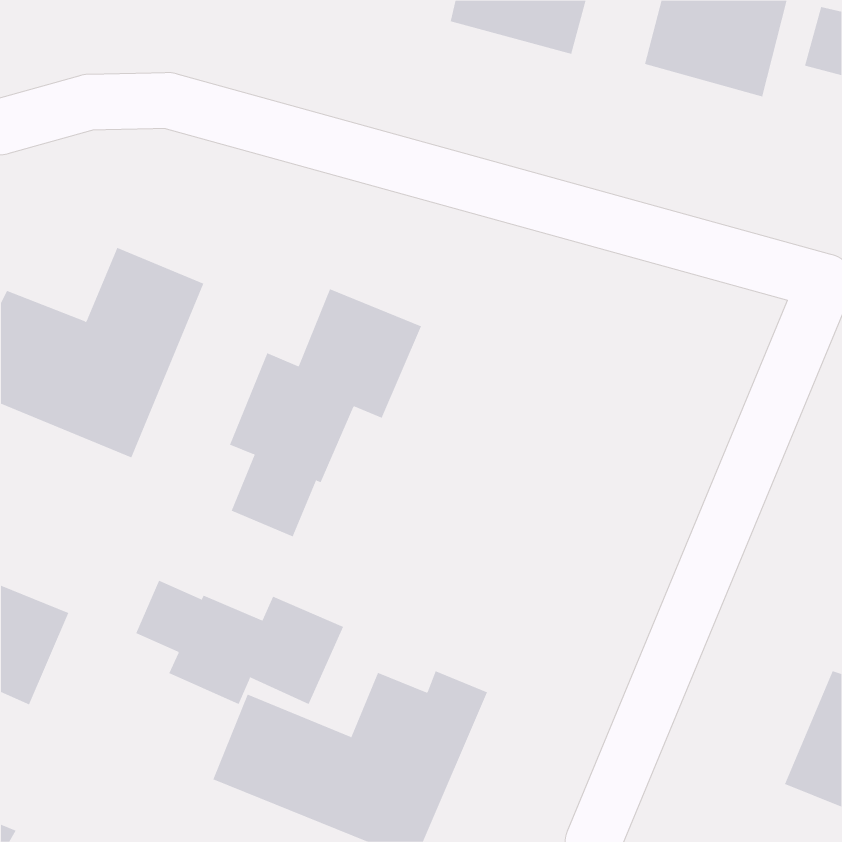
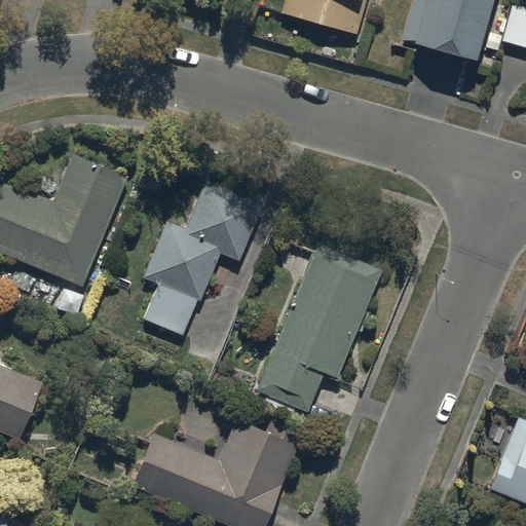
building: none -> [256,243,382,412]
building: [135,580,344,705] -> none

